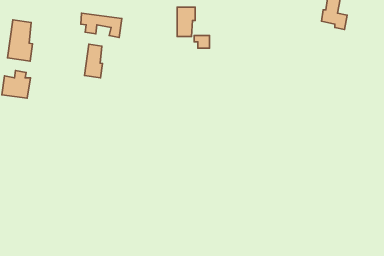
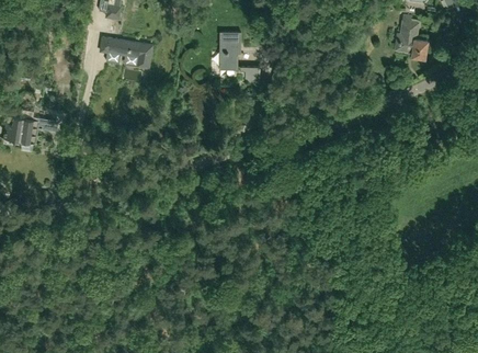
building: [7,20,33,61] -> none
building: [84,44,103,78] -> none

